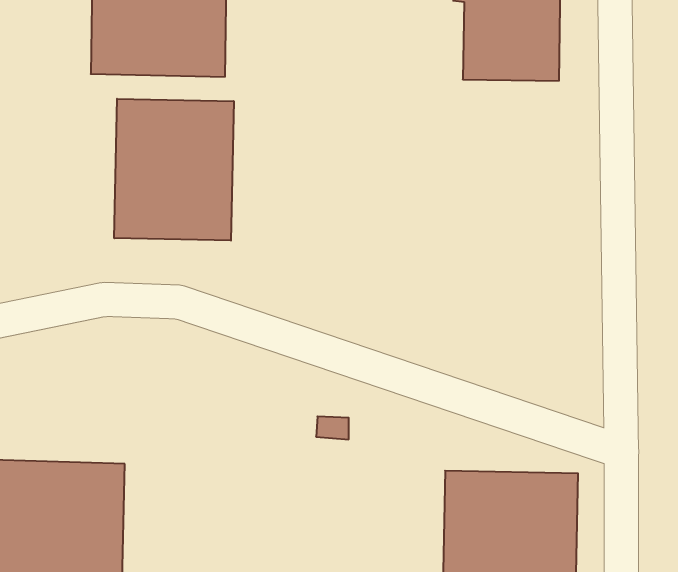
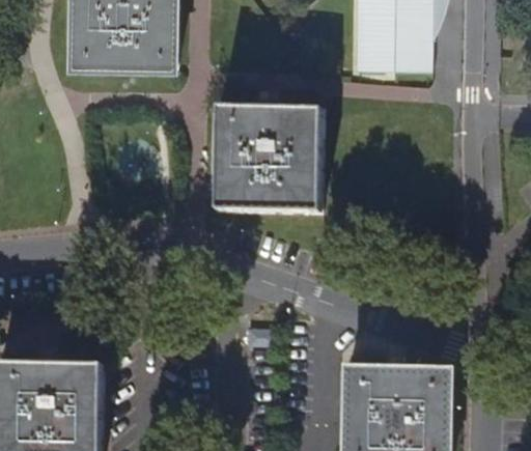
building: [114,99,234,241] -> none
building: none -> [219,109,324,212]

